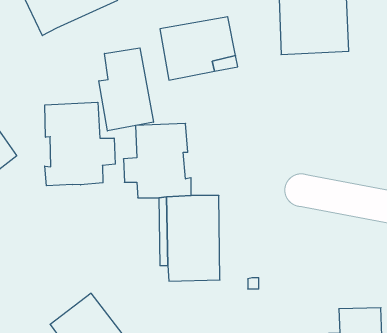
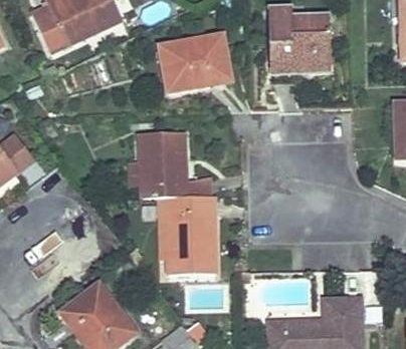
building: [99,48,153,131] -> none
building: [45,102,115,186] -> none

